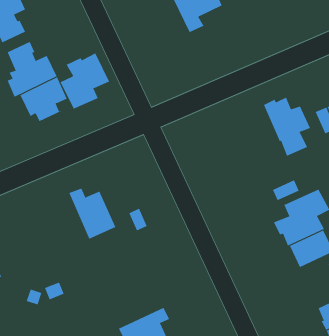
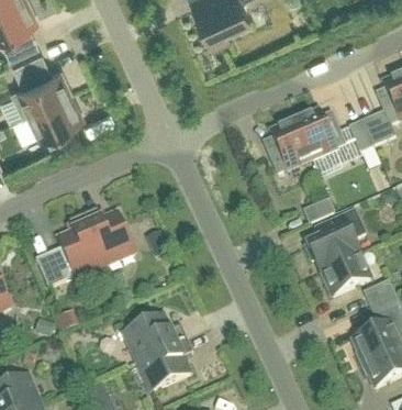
building: [60,53,110,110] -> none
building: none -> [267,115,311,170]
building: none -> [35,211,104,284]
building: none -> [123,310,186,358]

